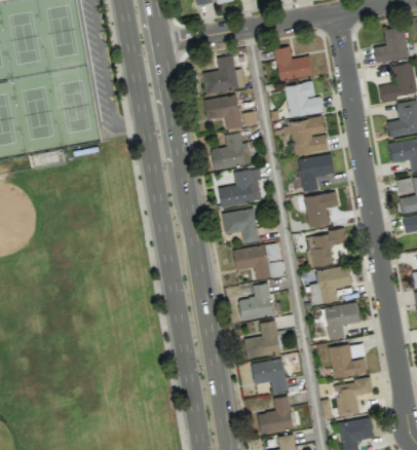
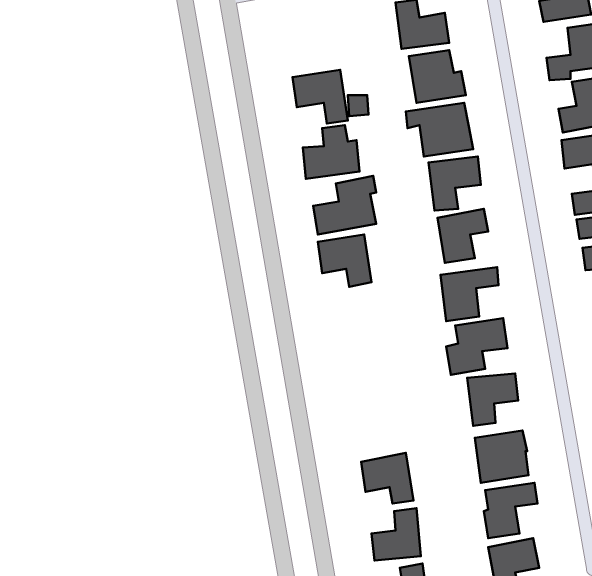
building: [203,55,244,95] -> none
building: [233,245,283,280] -> none
building: [239,285,272,320] -> none
building: [244,322,281,359] -> none

